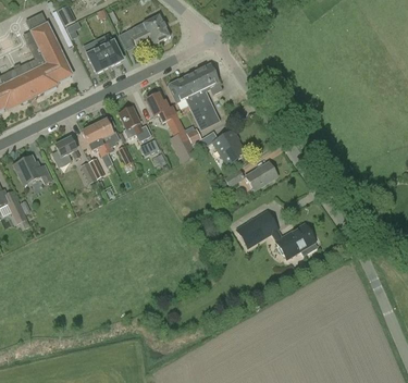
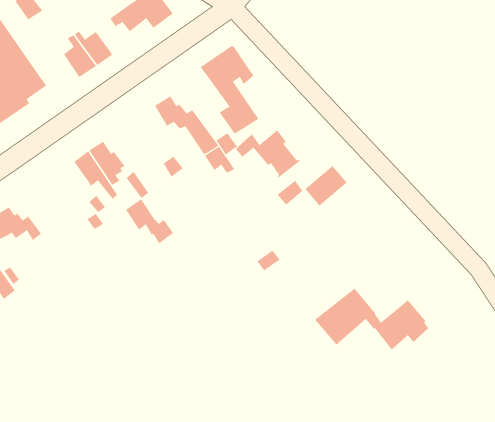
building: [169,76,199,111] -> none
building: [119,106,151,140] -> [125,198,174,244]
building: [52,137,81,165] -> none
building: [234,209,316,258] -> [314,288,429,351]

